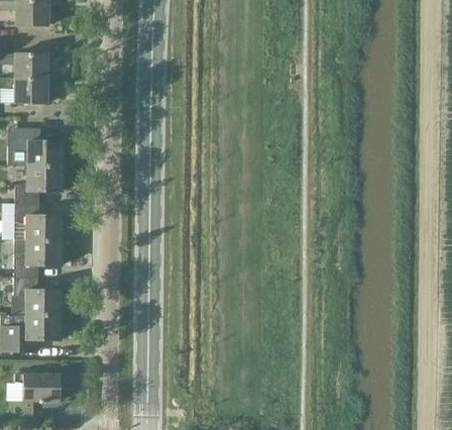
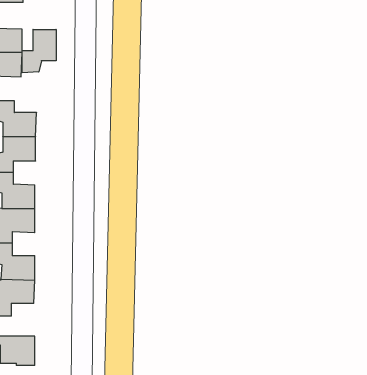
building: none -> [22,29,56,73]

